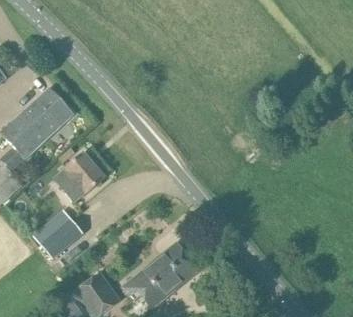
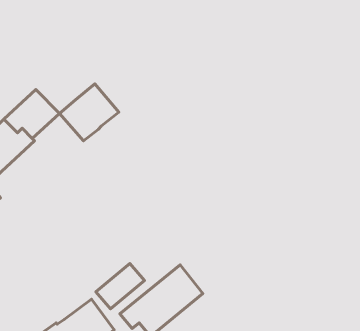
building: [53,152,105,202] -> [60,84,119,141]
building: [41,218,84,258] -> [96,263,145,309]

